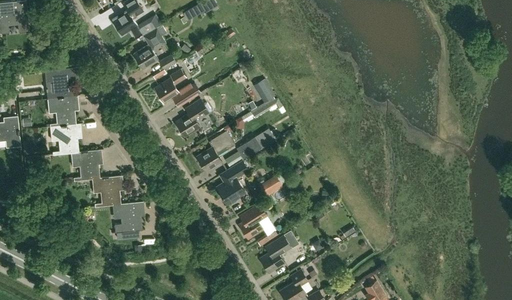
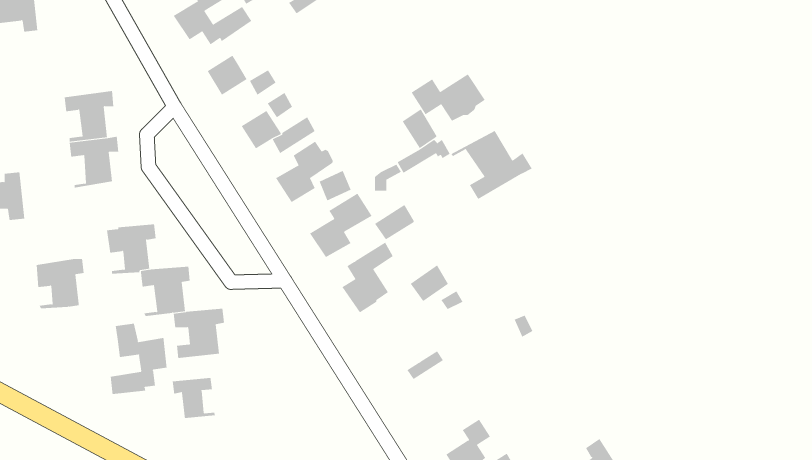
building: [138,24,167,50] -> none
building: none -> [411,74,486,122]
building: none -> [450,130,532,200]
building: [51,123,81,154] -> [36,258,84,309]
building: [238,203,267,239] -> none
building: none -> [110,323,167,395]
building: [260,235,291,273] -> none
building: none -> [172,377,215,419]

